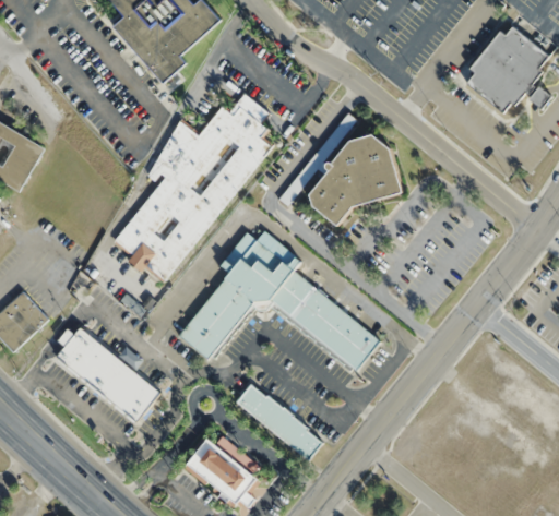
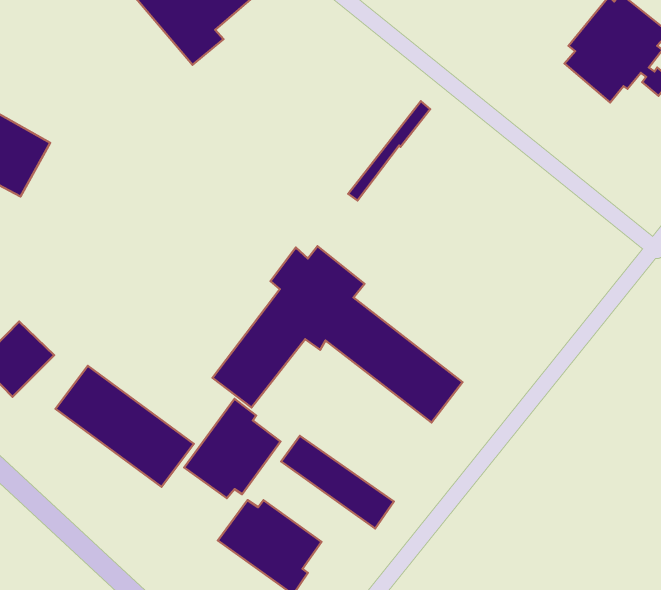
building: [114,92,271,286] -> none
building: [305,134,403,226] -> none
building: none -> [184,399,280,498]

